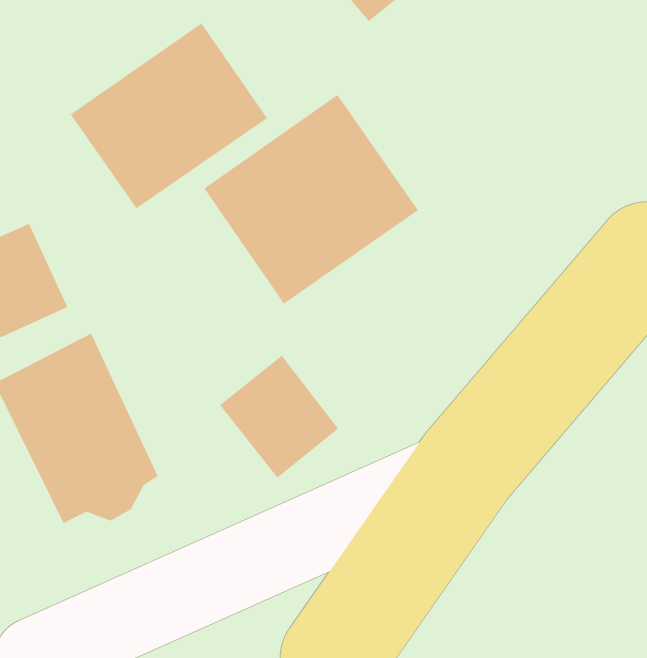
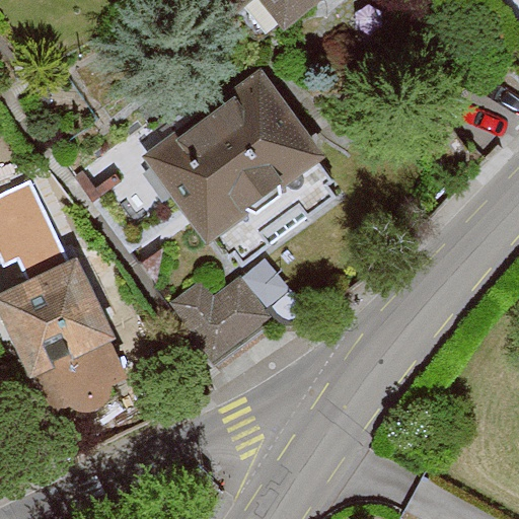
building: [70,22,268,209] -> none

